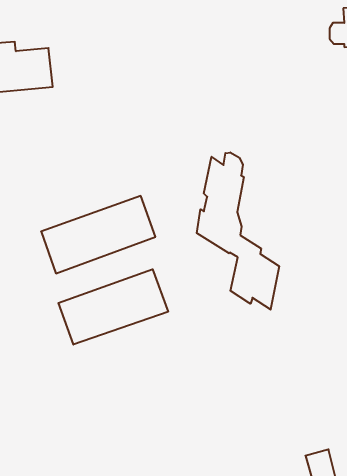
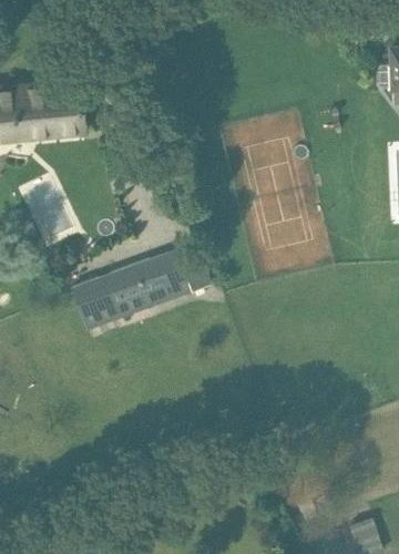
building: [197,152,279,310] -> none
building: [58,269,168,345] -> none

